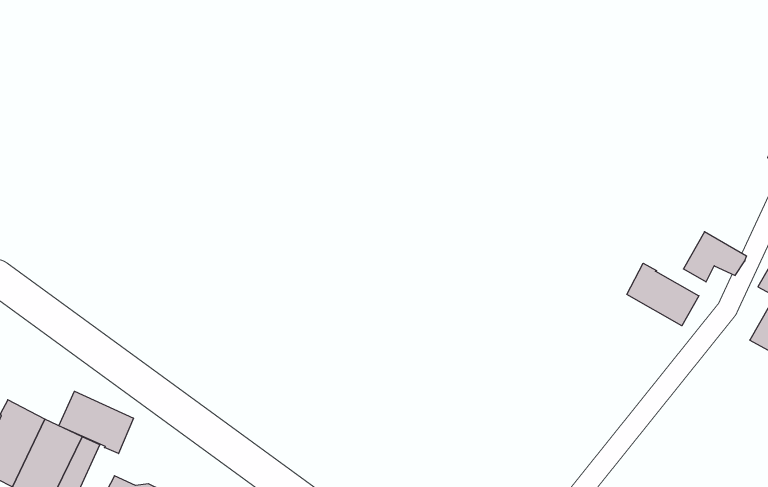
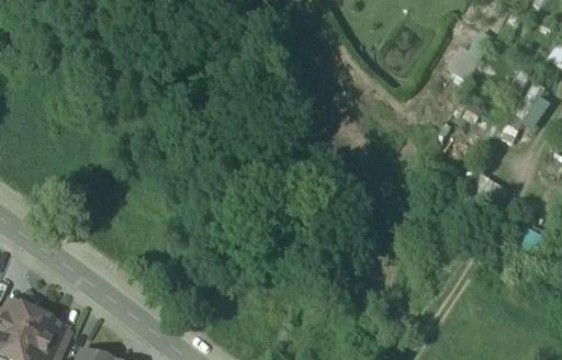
building: [627,263,699,326] -> none
building: [59,391,133,454] -> none

